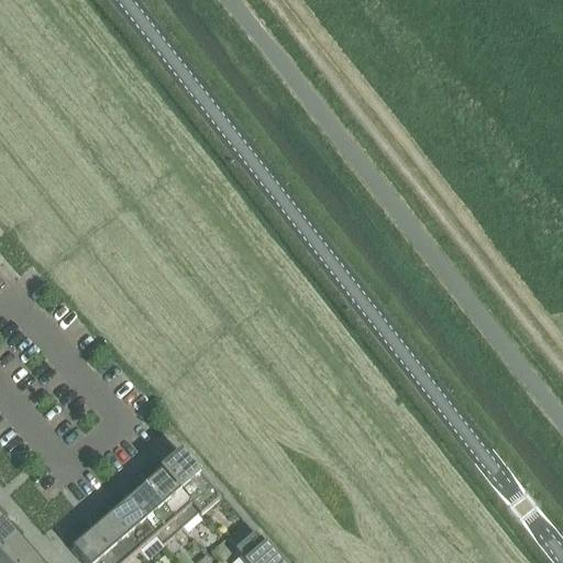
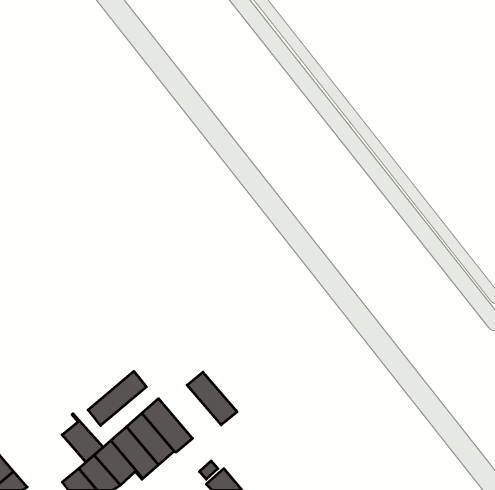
building: none -> [88,371,146,426]
building: none -> [187,372,237,425]
building: none -> [62,414,103,462]

